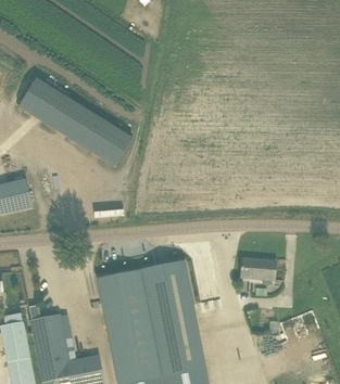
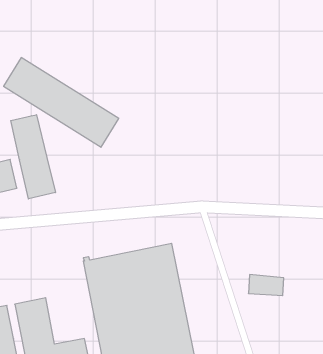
building: none -> [11,115,55,199]
building: [240,258,275,279] -> [248,275,284,296]

